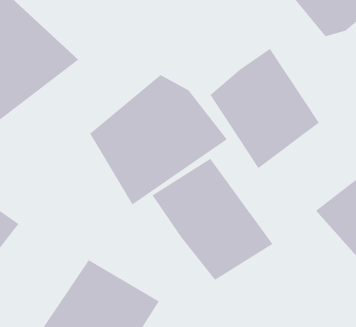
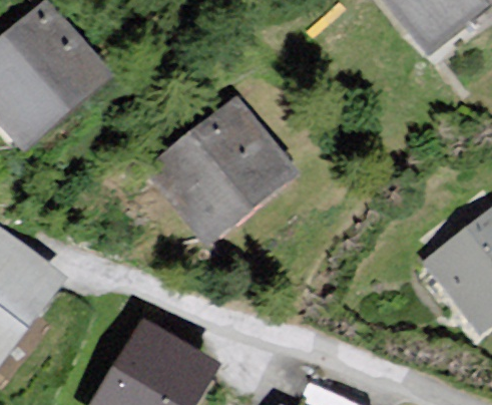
building: [210,48,320,169] -> none
building: [151,158,273,281] -> none

